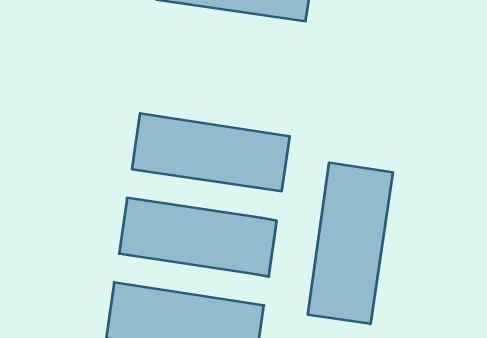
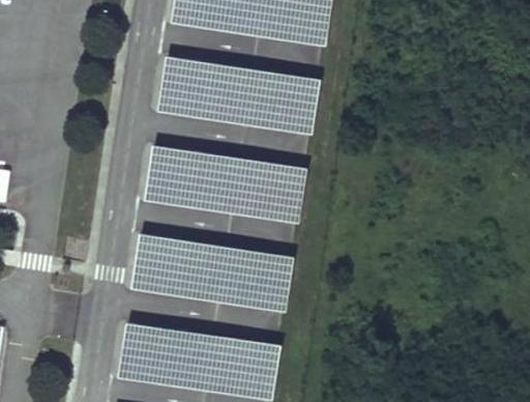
building: none -> [156,55,321,136]
building: [308,163,393,324] -> none

